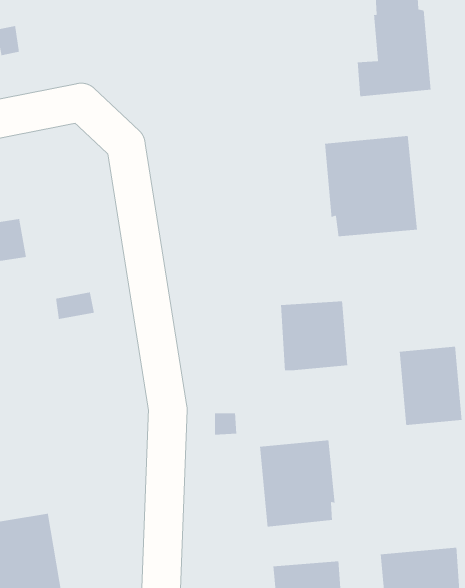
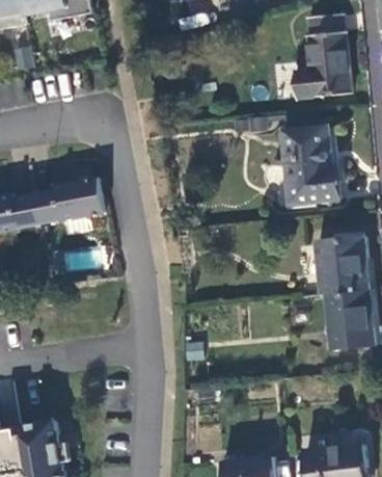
building: none -> [34,176,105,222]
building: [280,300,348,371] -> [316,240,367,294]
building: [259,440,335,528] -> none

